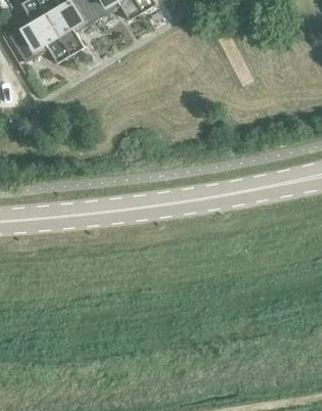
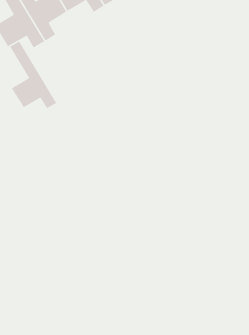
building: none -> [9,41,57,109]

